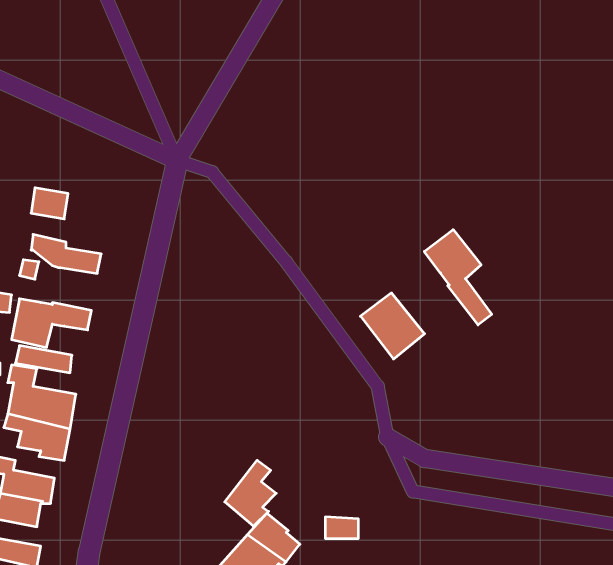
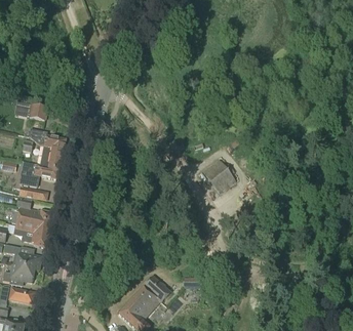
building: [424,230,492,325] -> none
building: none -> [40,146,64,168]
building: [225,460,276,526] -> none

